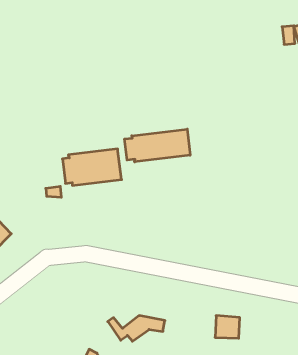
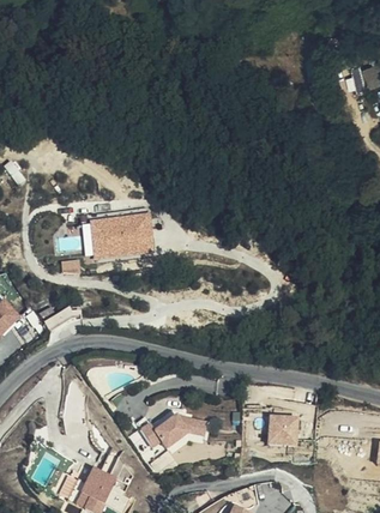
building: [125,129,190,162] -> none

